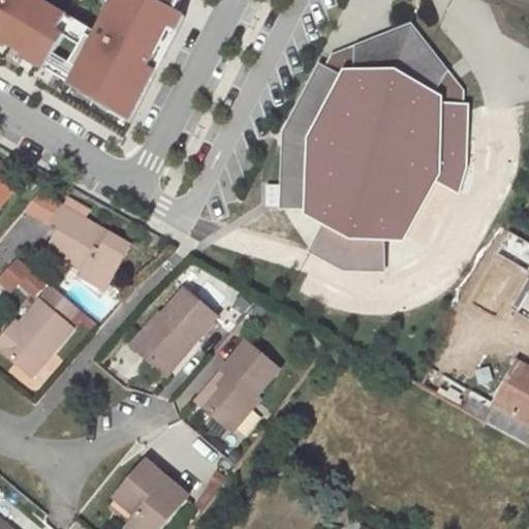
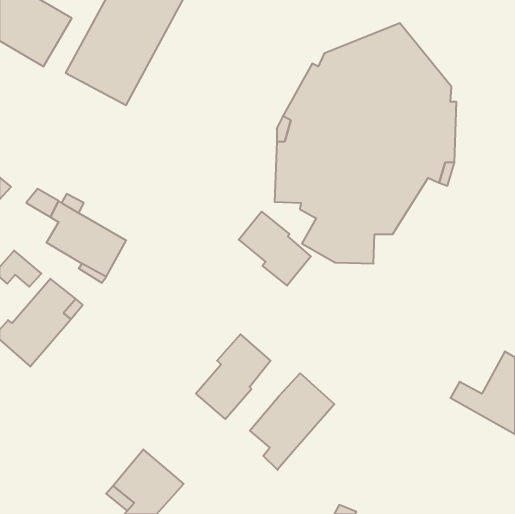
building: none -> [239,212,311,286]
building: [132,288,216,370] -> none
building: none -> [250,373,334,470]

